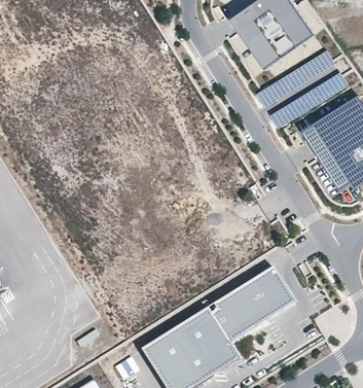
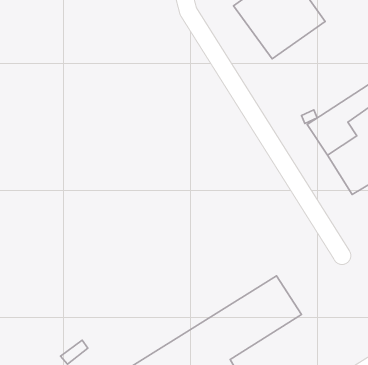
building: [254,48,333,106] -> none
building: [266,71,346,129] -> none

